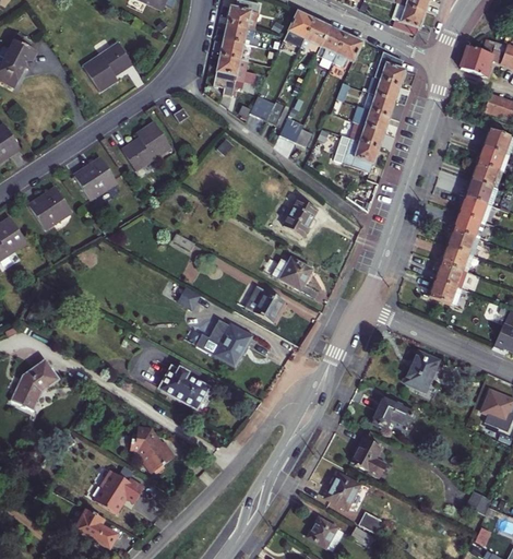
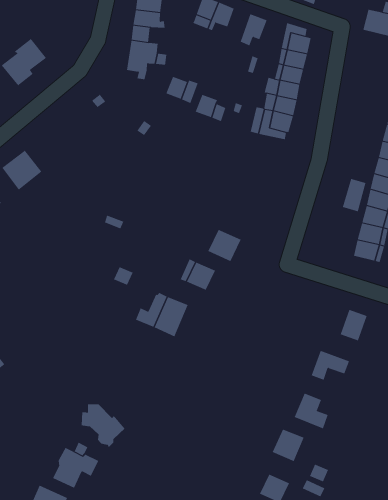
building: [317,33,345,68] -> none
building: [121,120,168,170] -> none
building: [282,199,317,236] -> none
building: none -> [342,178,366,212]
building: [157,365,207,406] -> none

